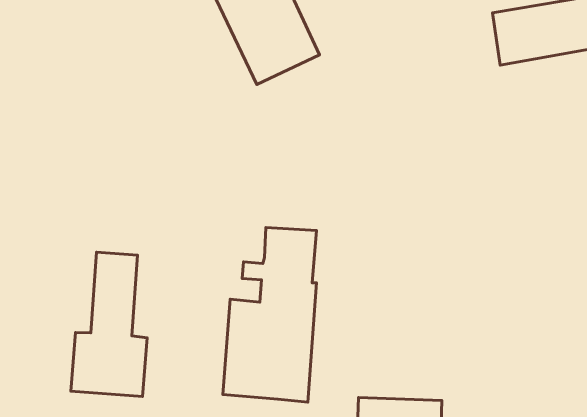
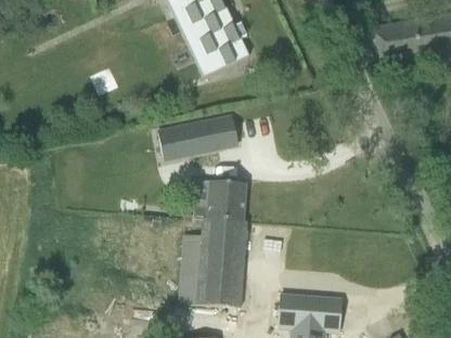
building: none -> [158,118,239,156]
building: [71,252,147,396] -> none

